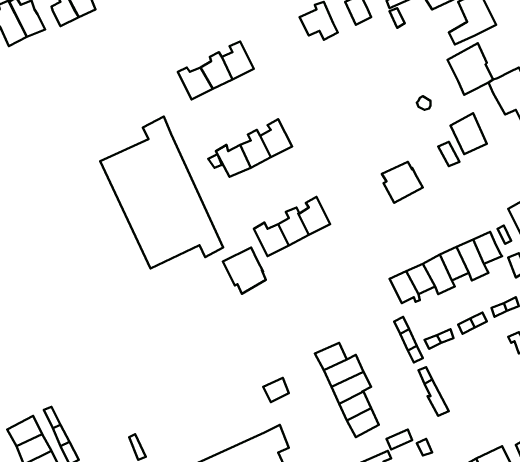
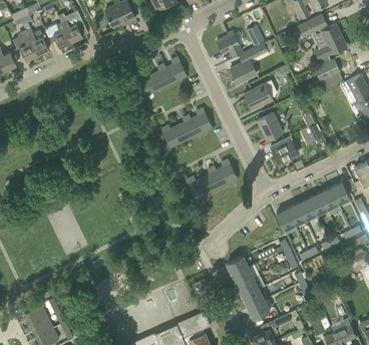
building: none -> [230,43,270,83]
building: none -> [244,79,276,108]
building: [450,113,487,154] -> [258,112,282,139]
building: [100,116,223,268] -> none
building: [223,247,266,294] -> none

